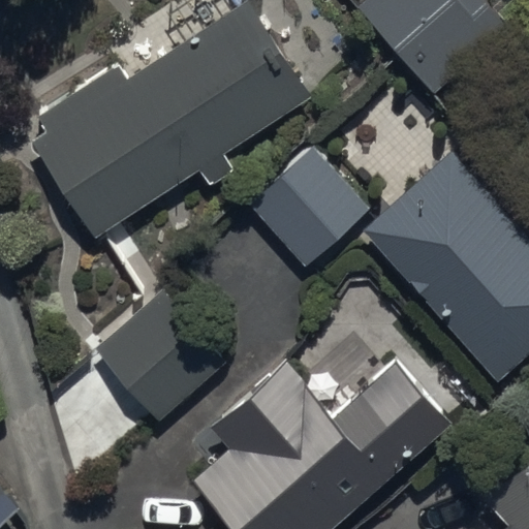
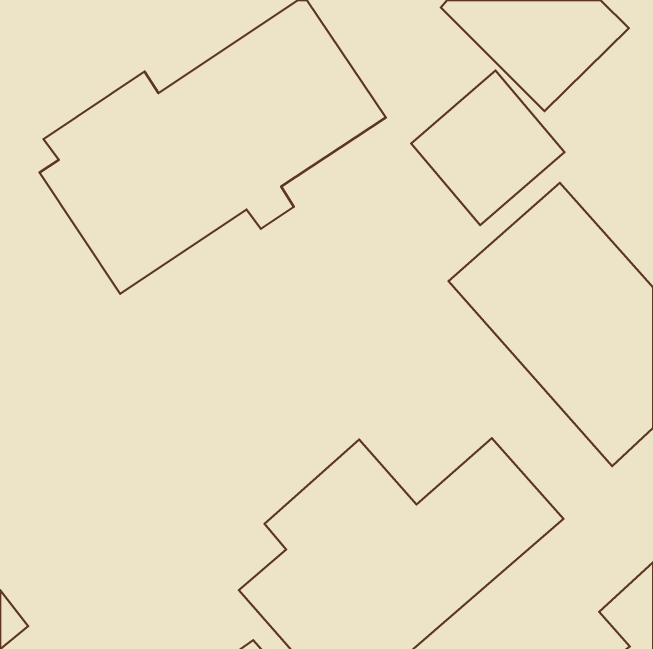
building: [248,144,372,269] -> [411,71,564,225]
building: [95,290,227,424] -> none

